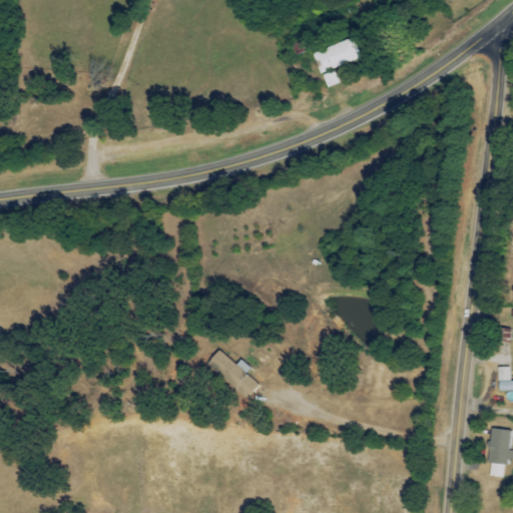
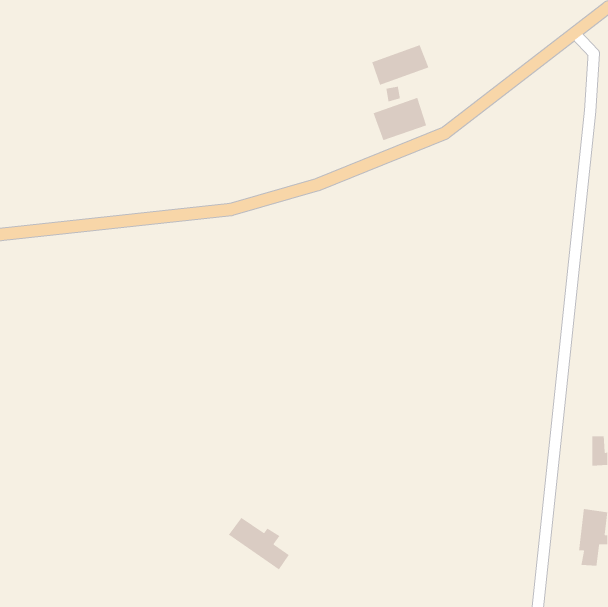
building: none -> [373,97,427,141]
building: [206,351,259,396] -> [228,517,290,570]

